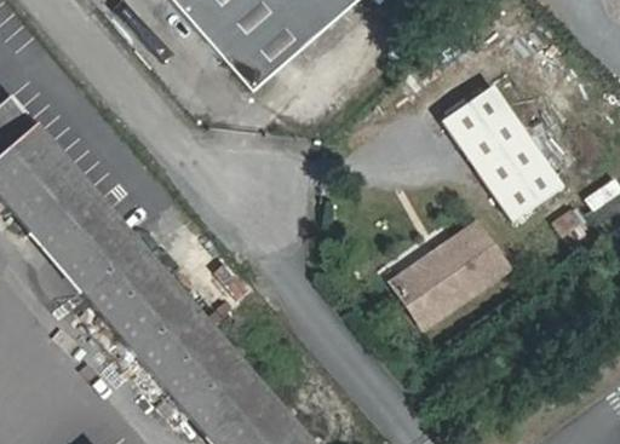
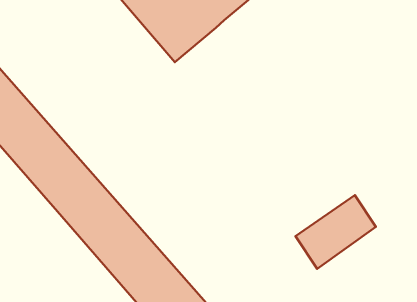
building: [448,75,575,218] -> none
building: [402,214,518,321] -> [295,195,376,269]

